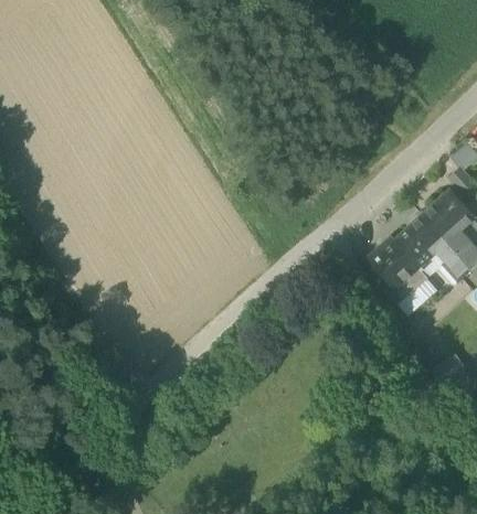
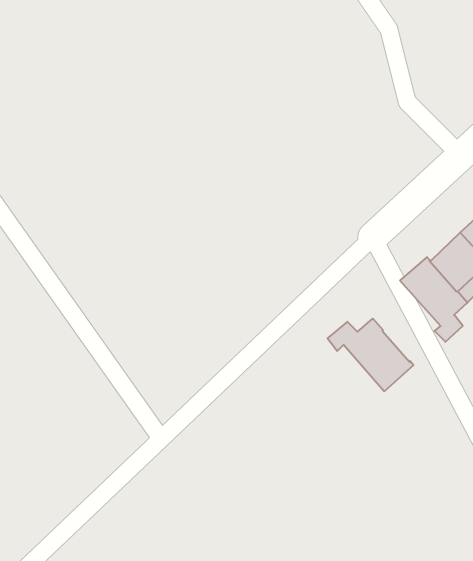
building: none -> [328,319,413,391]

